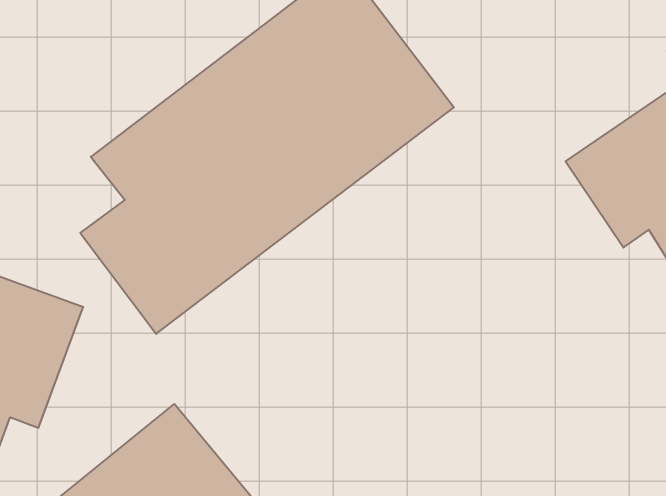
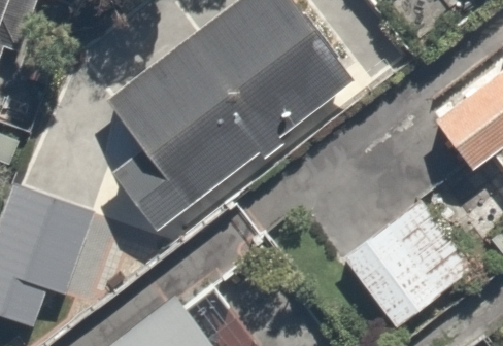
building: none -> [331,191,476,333]

